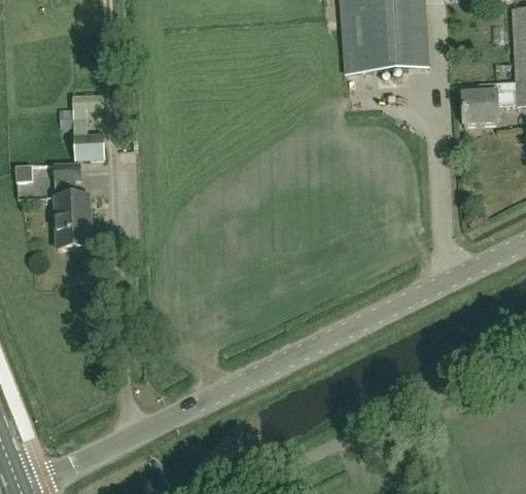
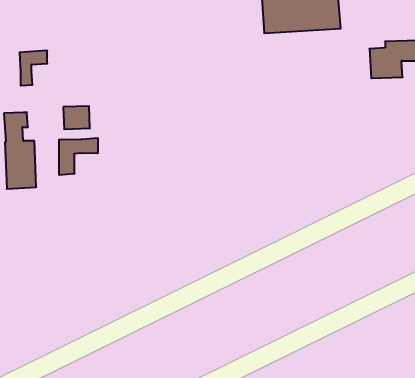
building: [75,133,105,158] -> [63,106,90,129]
building: none -> [59,138,98,175]

